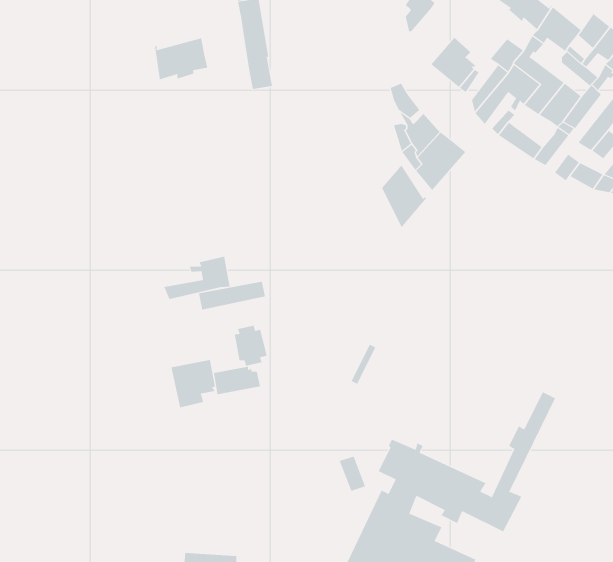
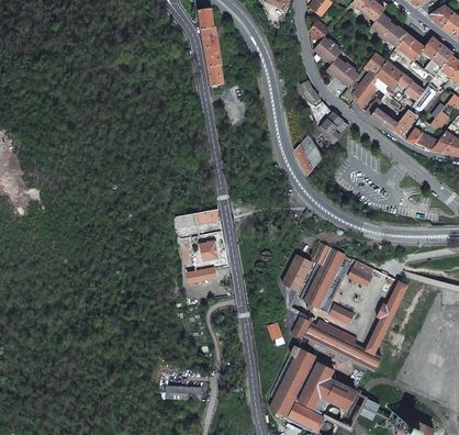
building: none -> [314,33,345,69]
building: [154,37,208,80] -> none
building: [163,256,230,300] -> none
building: none -> [282,243,374,324]
building: [171,359,216,408] -> none

